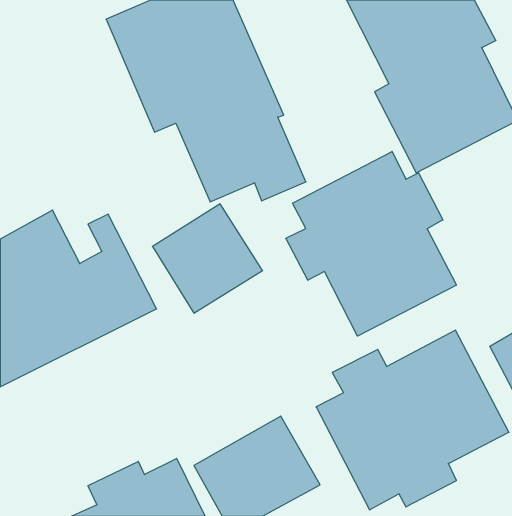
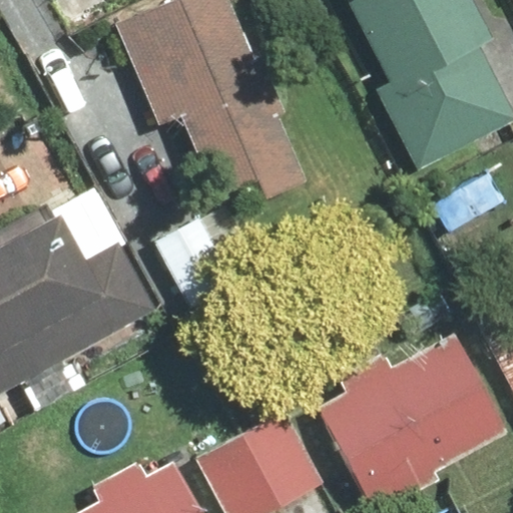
building: [286,151,456,336] -> none

